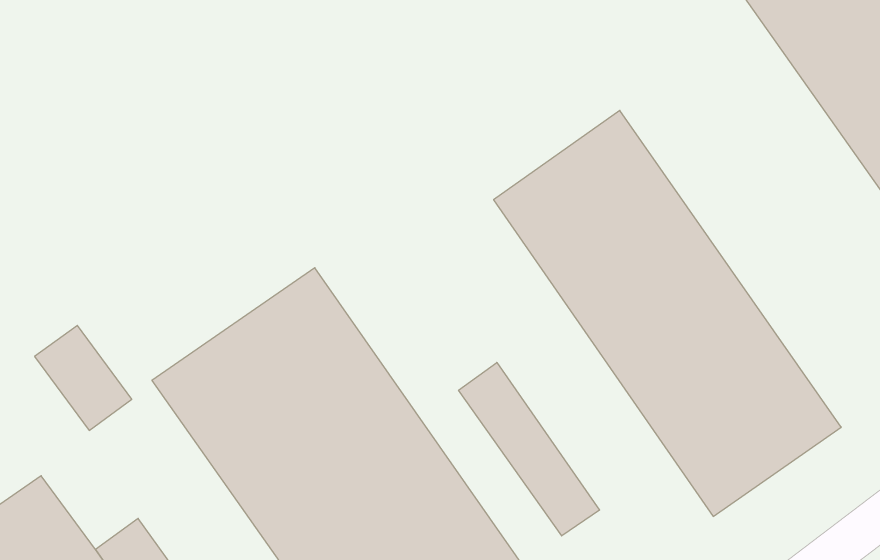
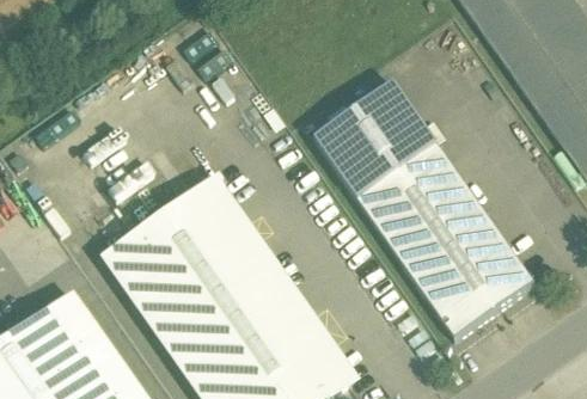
building: [35,325,132,430] -> [41,290,100,355]
building: [459,362,600,536] -> none

